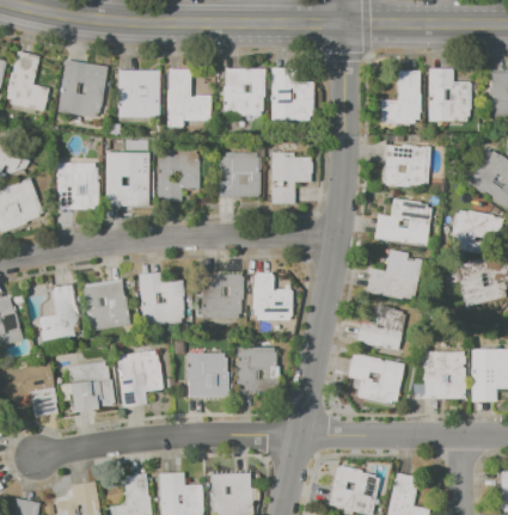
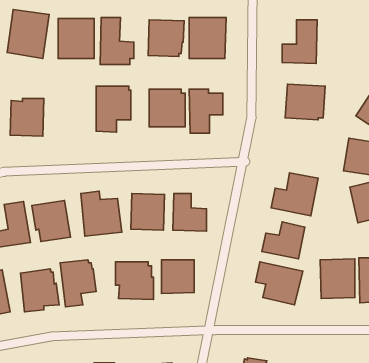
building: [428,68,470,119] -> none
building: [109,154,149,207] -> none
building: [374,198,432,246] -> none

